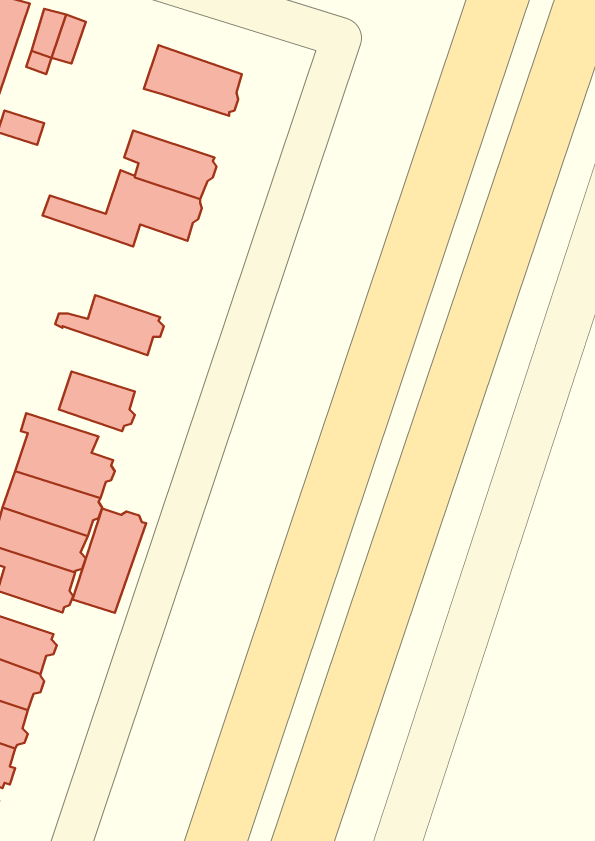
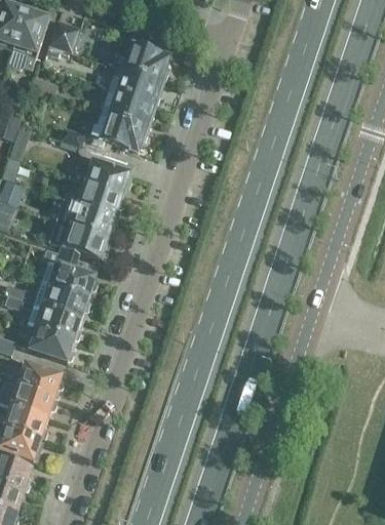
building: none -> [107,70,161,106]
building: none -> [69,147,131,196]
building: none -> [65,201,115,238]
building: [72,508,146,613] -> none

